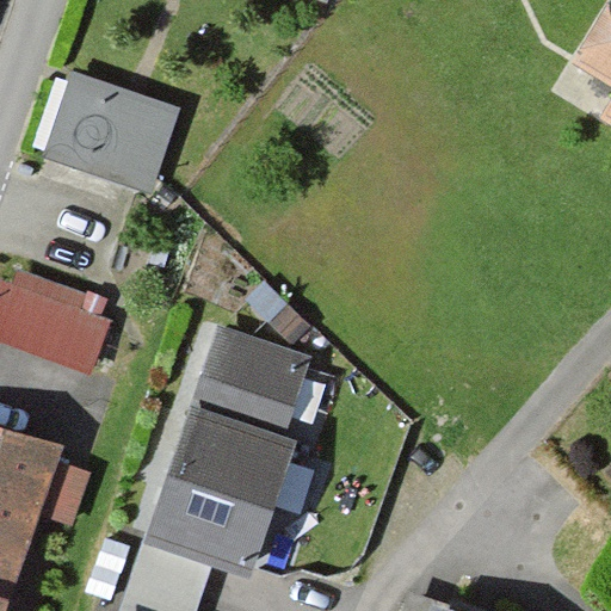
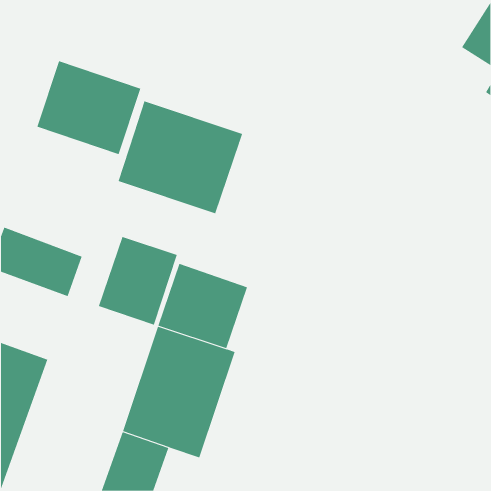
building: none -> [118,100,243,214]
building: none -> [98,236,178,325]

